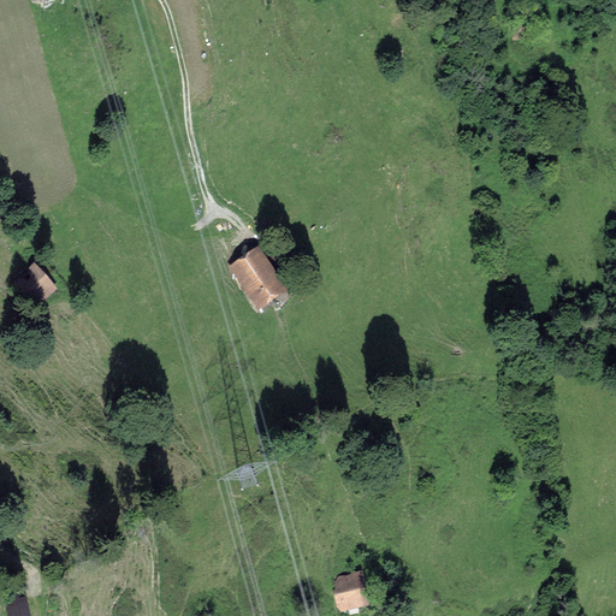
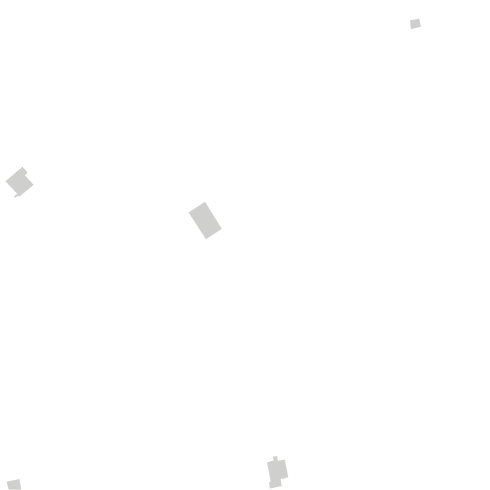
building: [16,263,53,304] -> [5,166,34,198]

